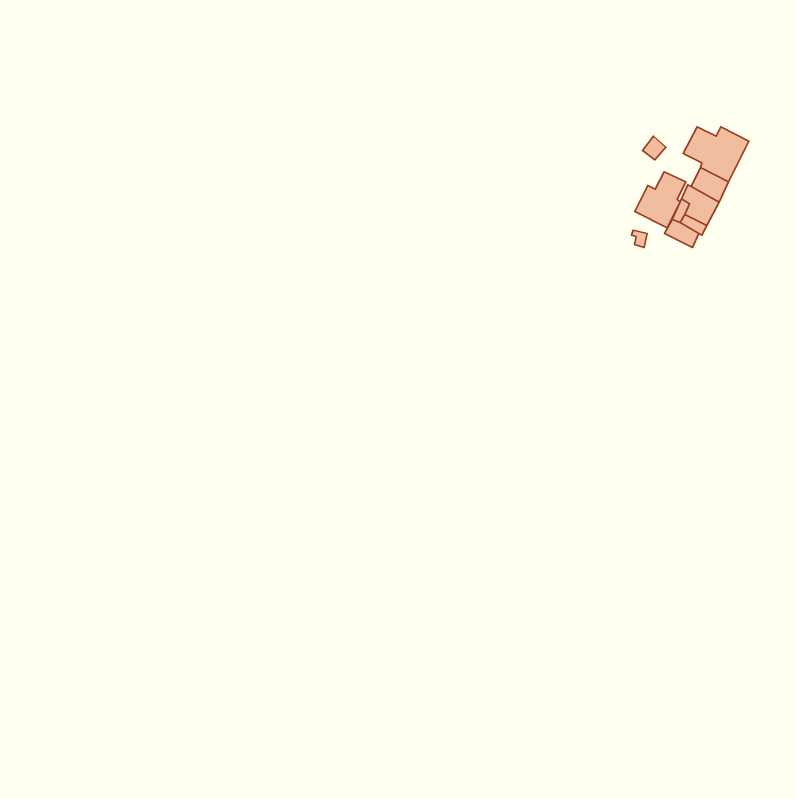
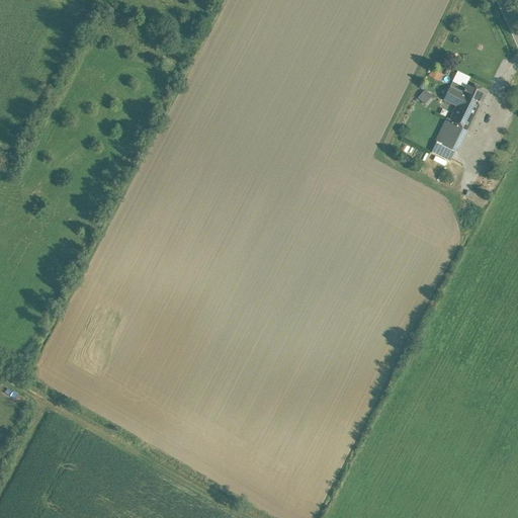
building: [635,172,686,228] -> none

